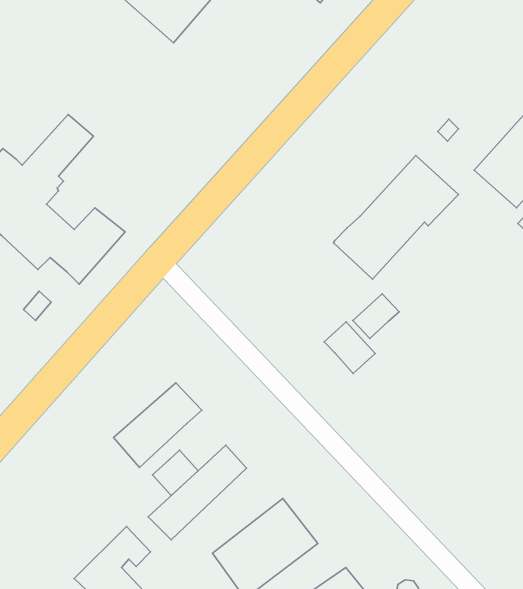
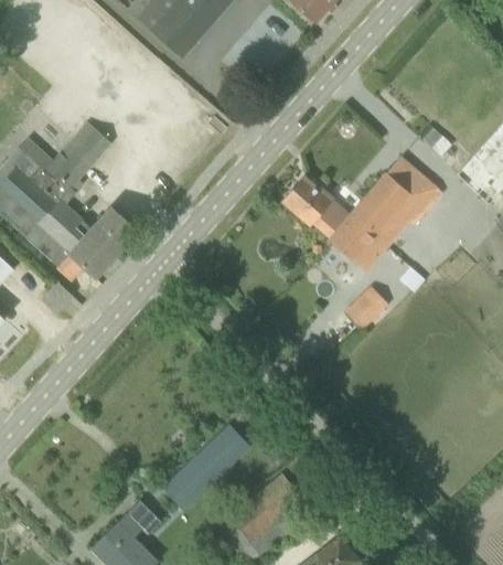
building: none -> [283,177,352,237]
building: [324,322,375,373] -> none
building: [114,383,202,467] -> none
building: [153,450,198,496] -> none

